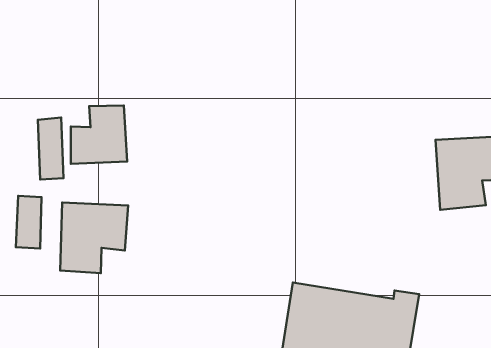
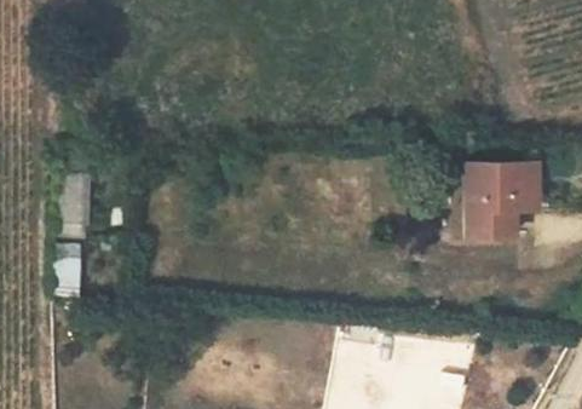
building: [71,105,127,164] -> none
building: [60,203,128,273] -> none

